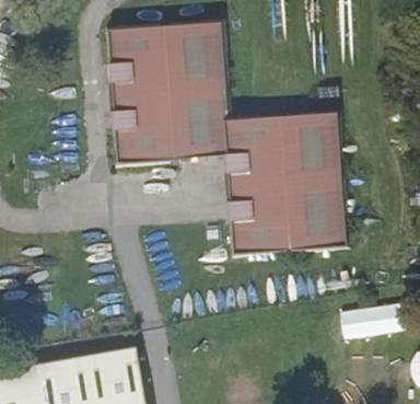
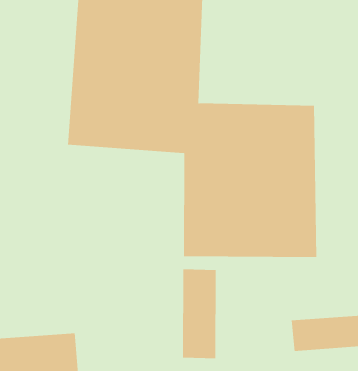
building: none -> [182,268,216,359]

